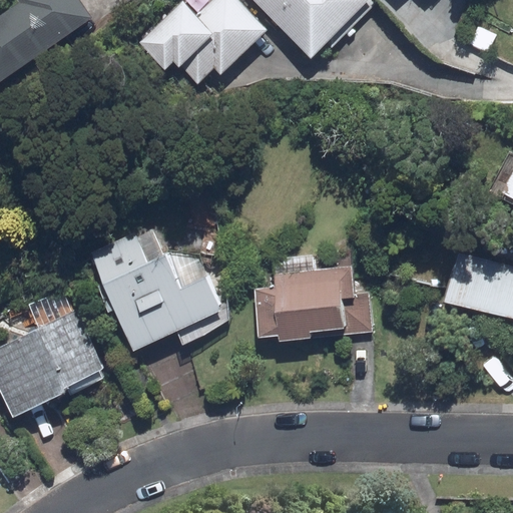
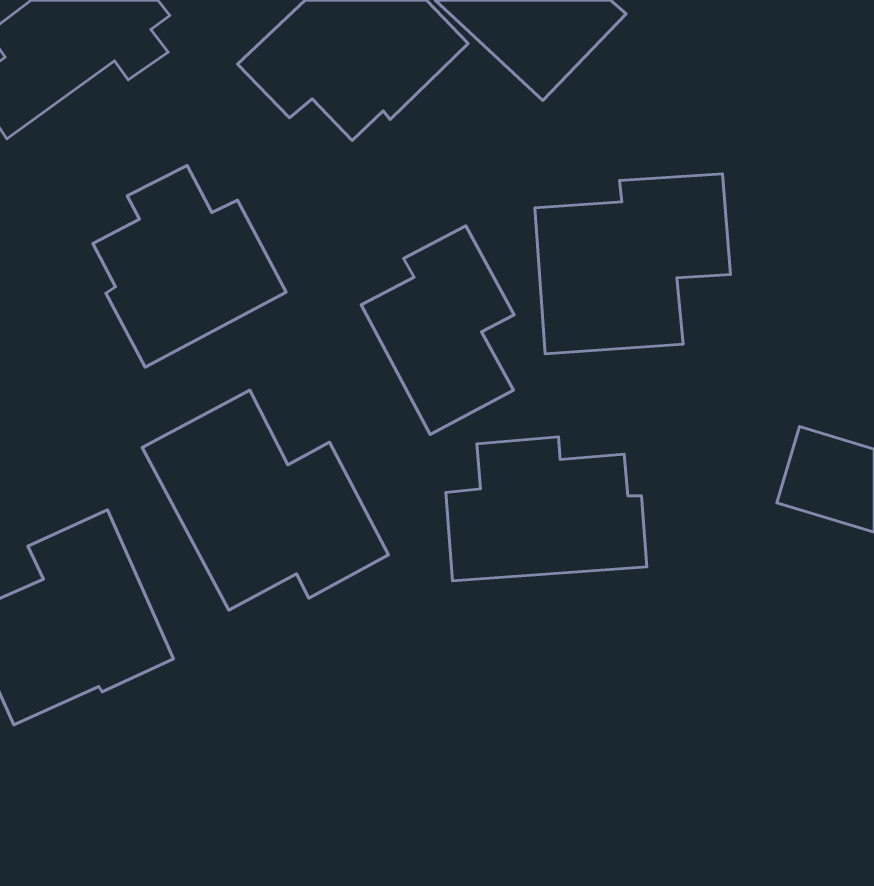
building: none -> [93,165,286,367]
building: none -> [535,174,731,354]
building: none -> [361,226,514,434]

